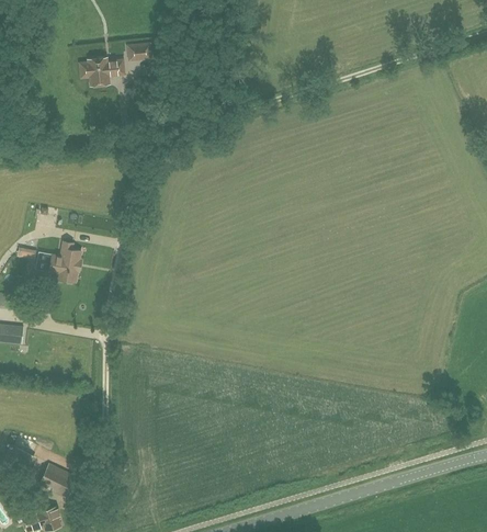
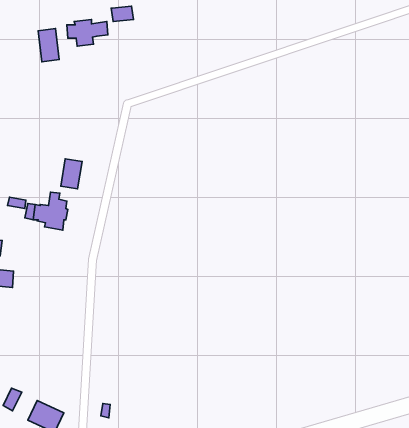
building: none -> [38,29,59,62]
building: none -> [61,159,82,189]

